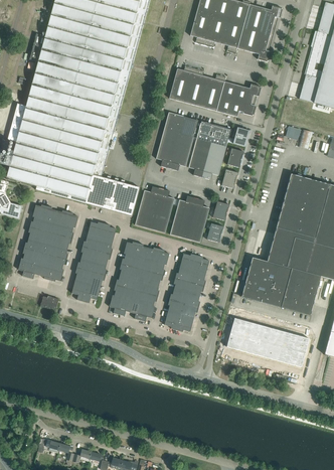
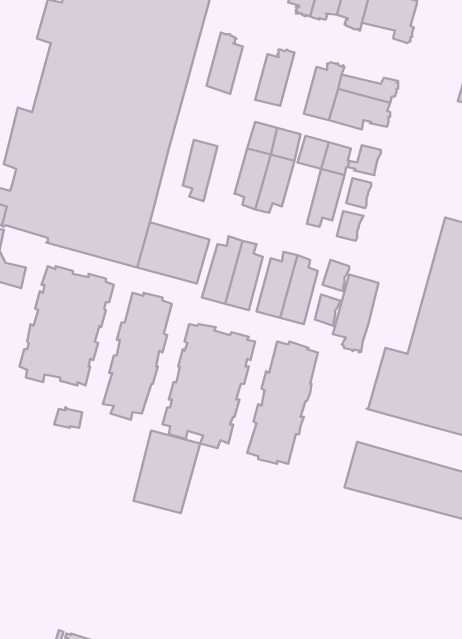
building: [185,67,208,107] -> [207,32,243,94]
building: [189,138,211,177] -> [183,140,218,201]
building: none -> [333,274,378,352]
building: none -> [133,431,200,513]

